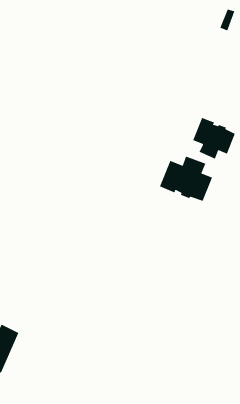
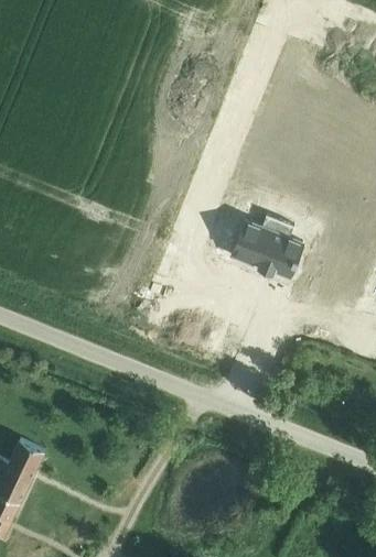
building: [192,117,236,160] -> none

